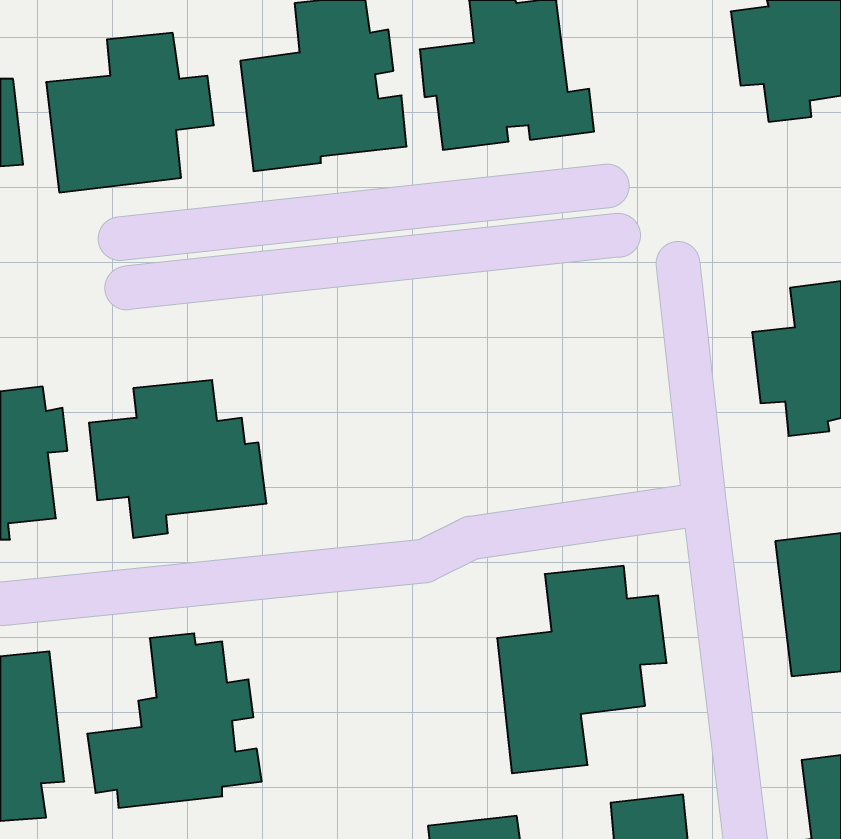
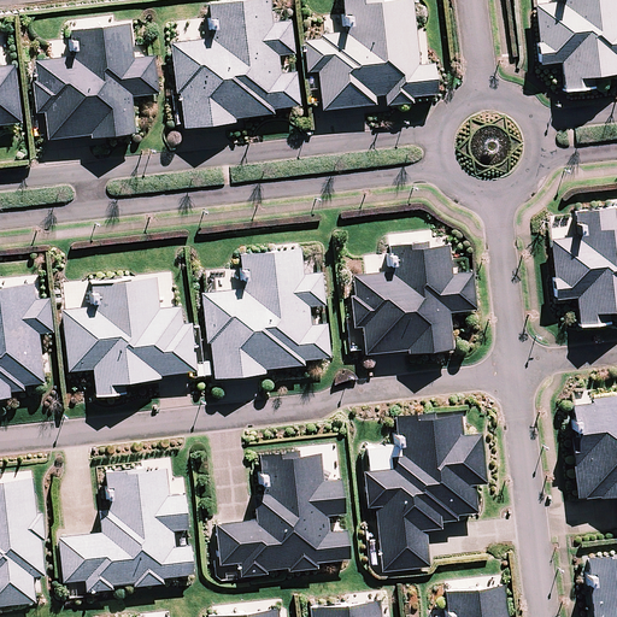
building: none -> [351,243,474,354]
building: none -> [206,249,329,378]
building: none -> [221,448,346,577]

